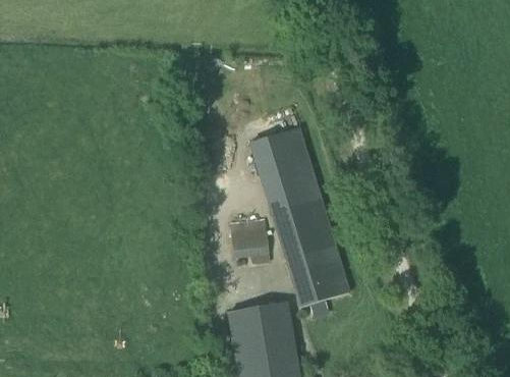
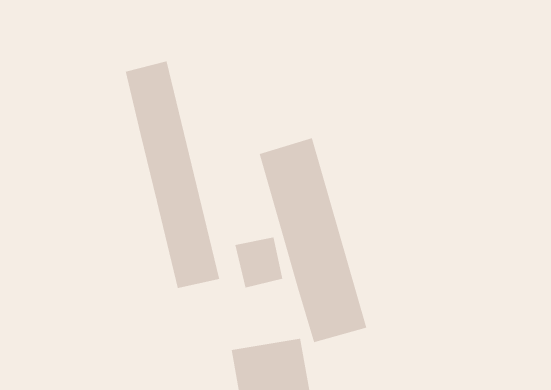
building: none -> [125,61,220,289]

